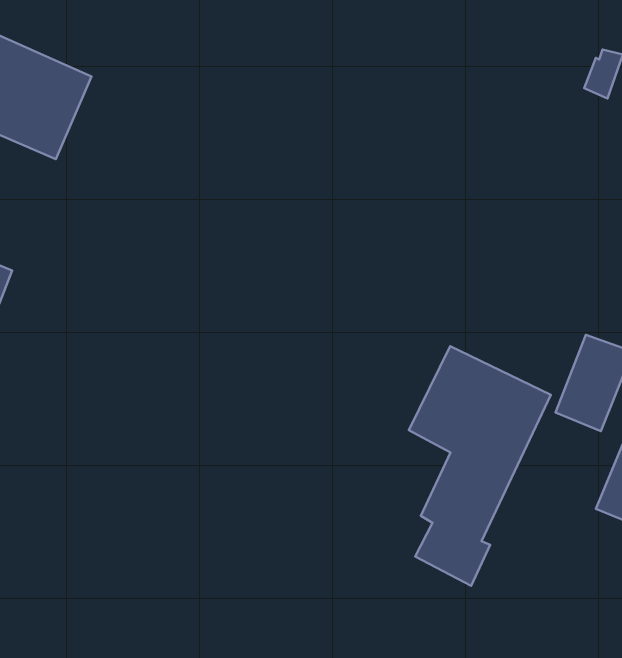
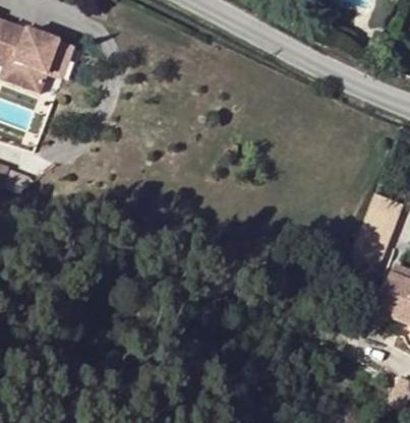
building: [409,346,551,586] -> none

